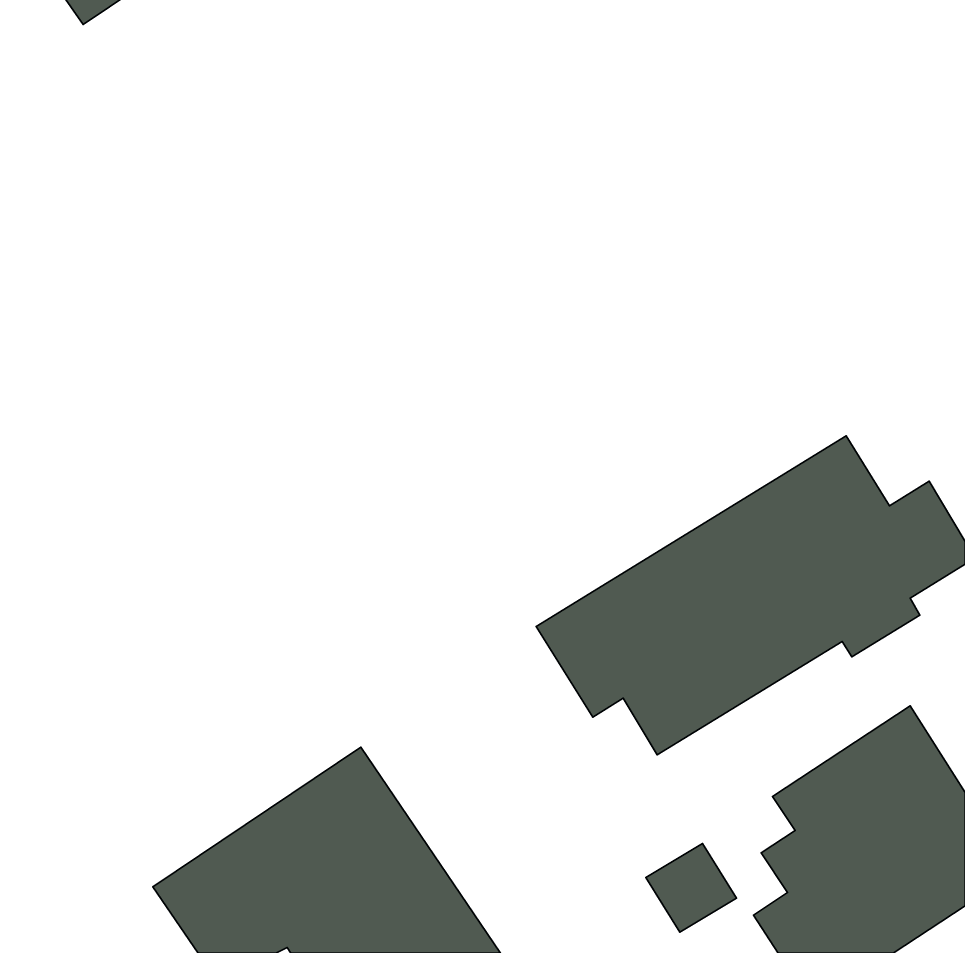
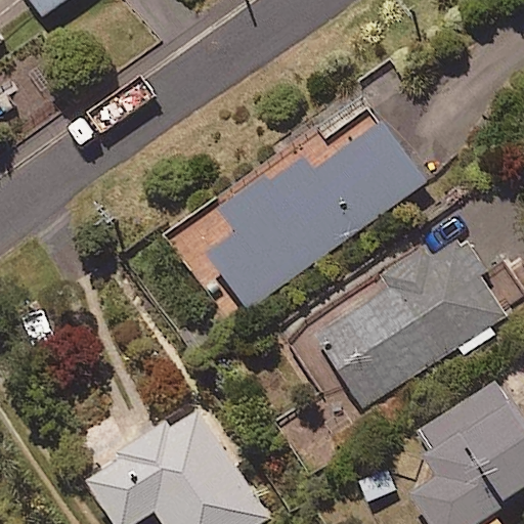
building: none -> [210,127,424,308]

